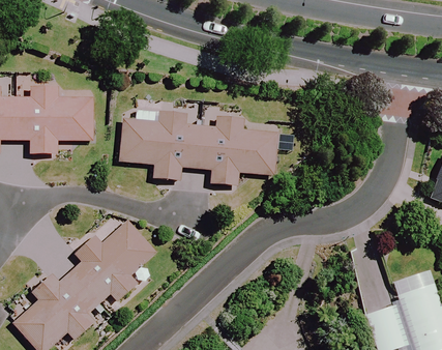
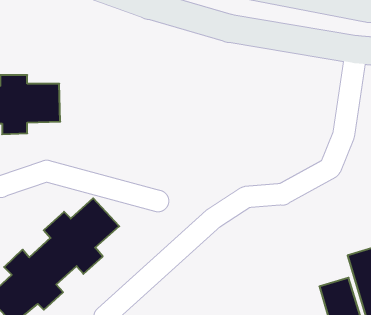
building: [118,114,276,184] -> none

